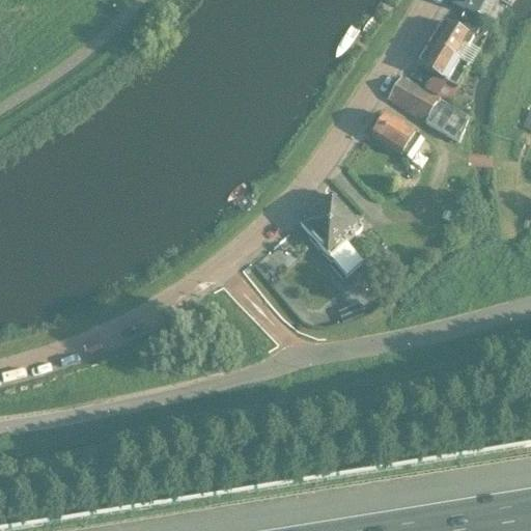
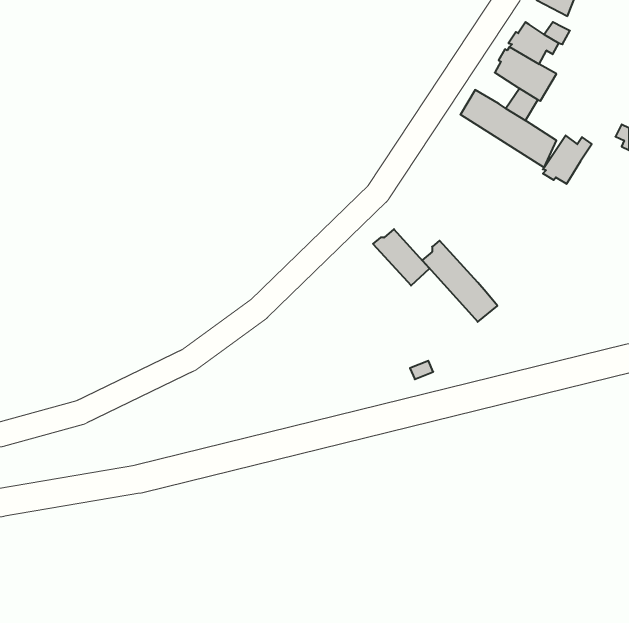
building: [371,112,416,153] -> none
building: none -> [543,135,592,184]
building: [300,205,363,274] -> [422,241,497,322]

